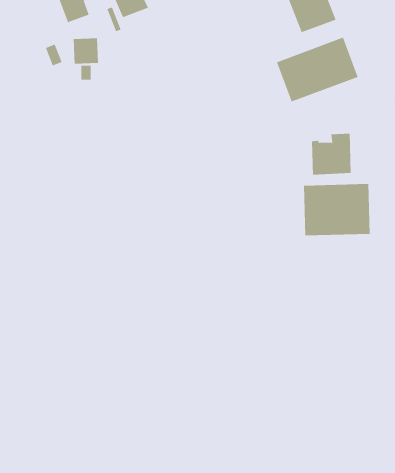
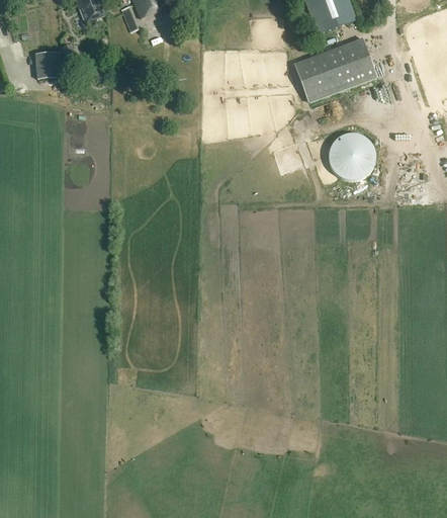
building: [73,38,99,64] -> [34,51,61,77]
building: [303,183,370,236] -> none

